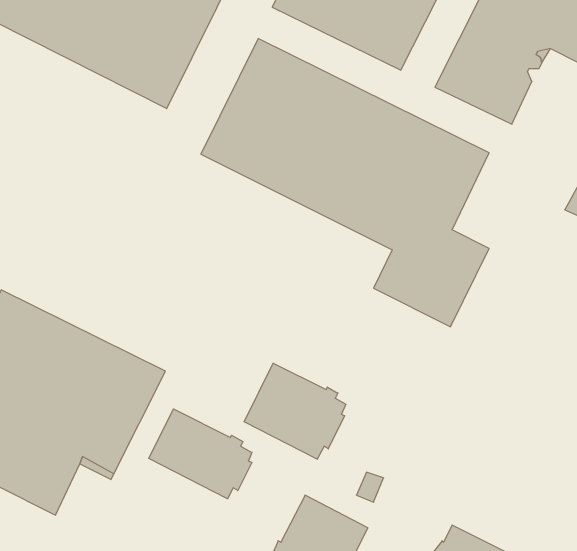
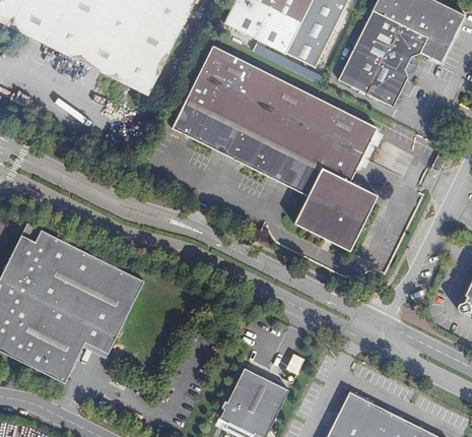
building: [244,363,346,459] -> none
building: [149,409,252,499] -> none

